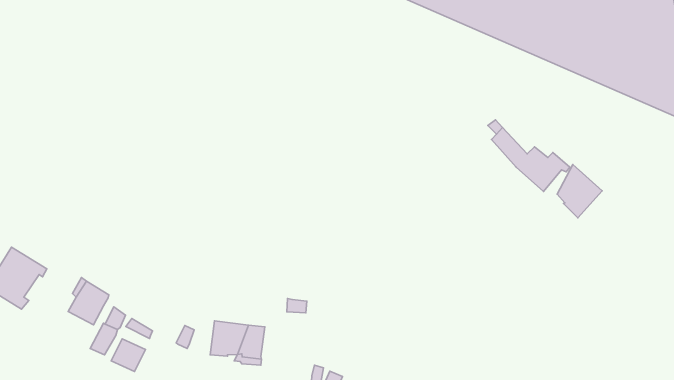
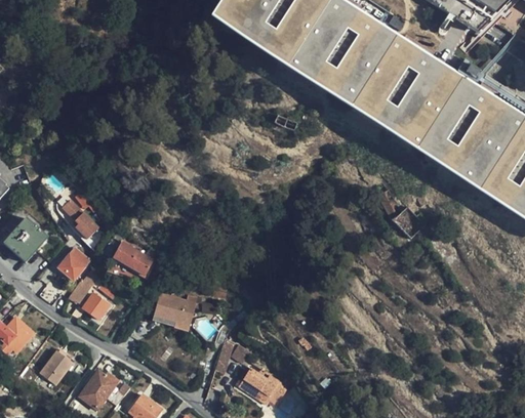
building: [557,164,602,218] -> none
building: none -> [60,197,99,239]
building: none -> [111,243,152,276]

